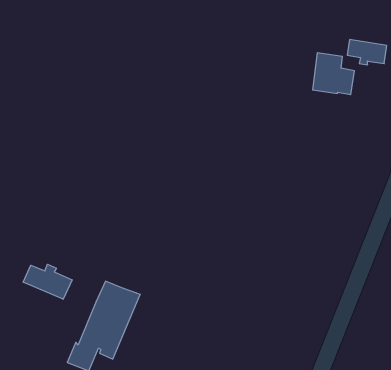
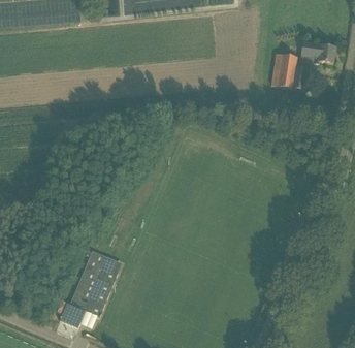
building: [23,264,72,299] -> none

